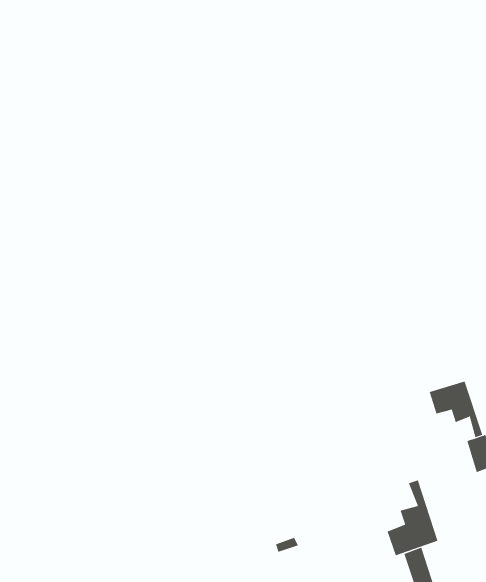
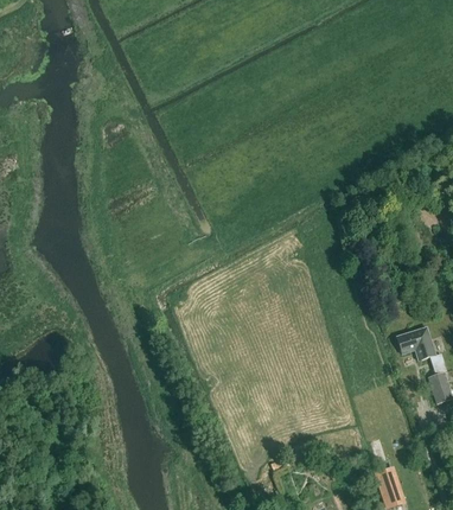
building: [387,480,438,556] -> none

